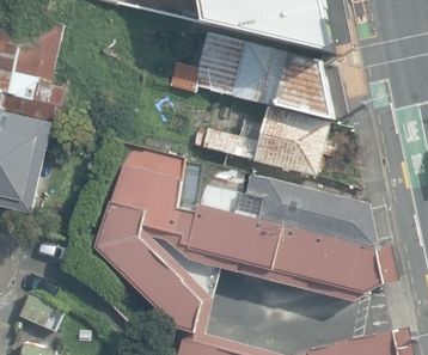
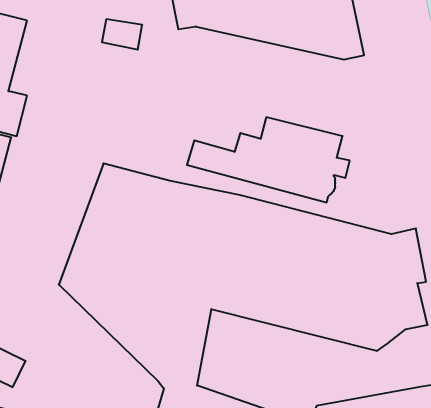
building: [169,32,334,120] -> none

